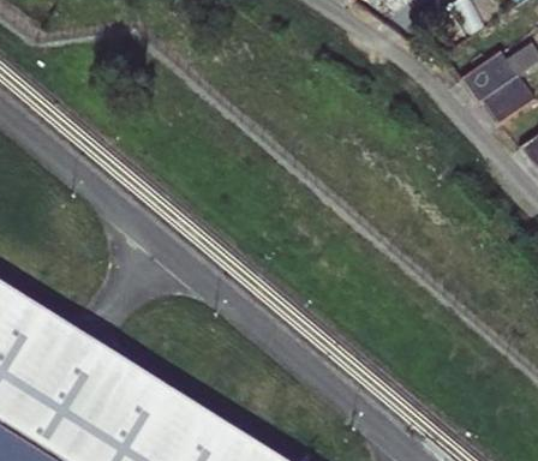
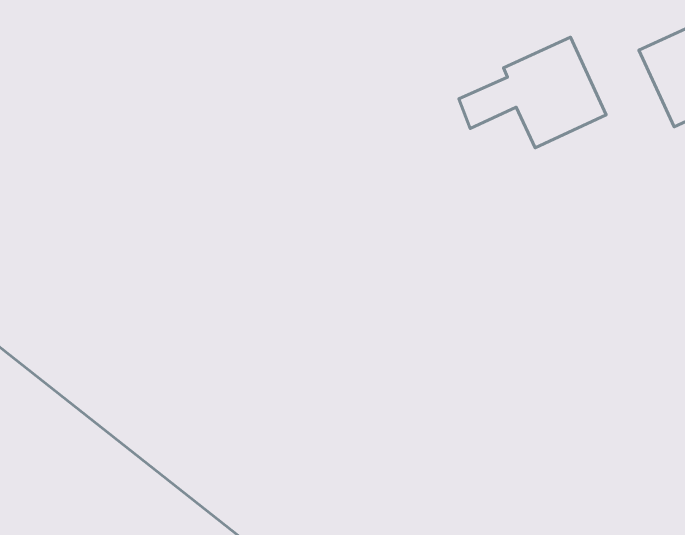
building: none -> [459,37,606,148]

